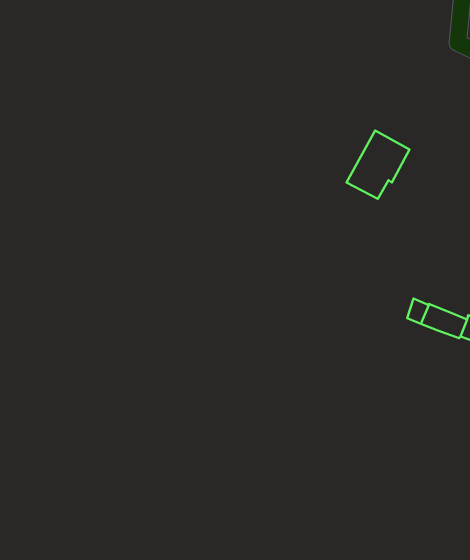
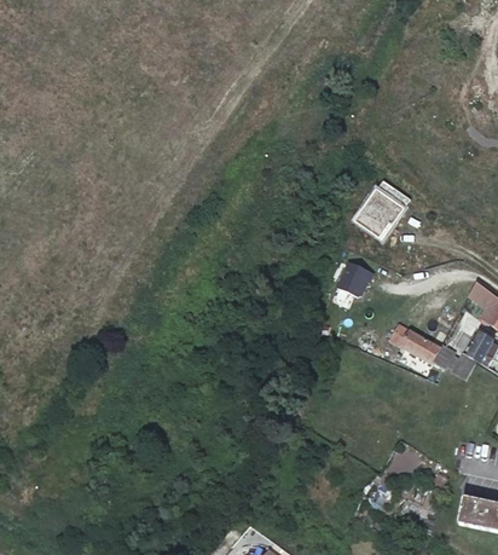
building: none -> [334,260,371,296]

